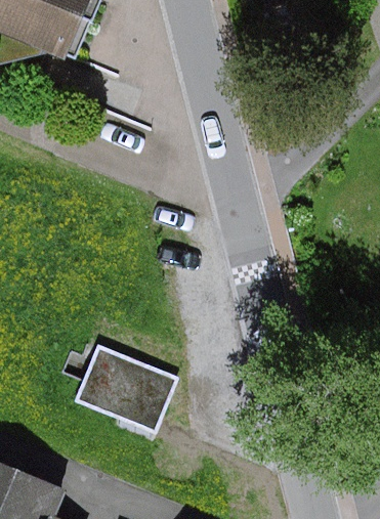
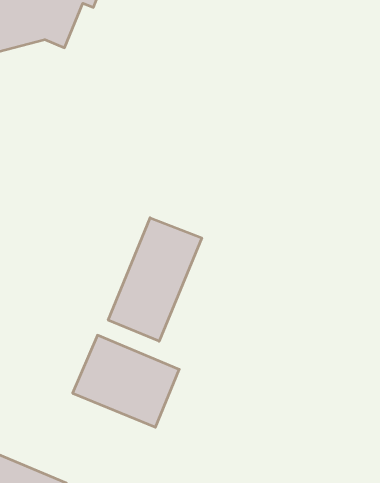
building: none -> [108,218,202,341]

